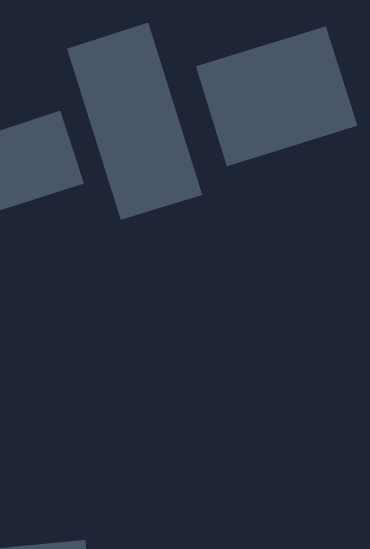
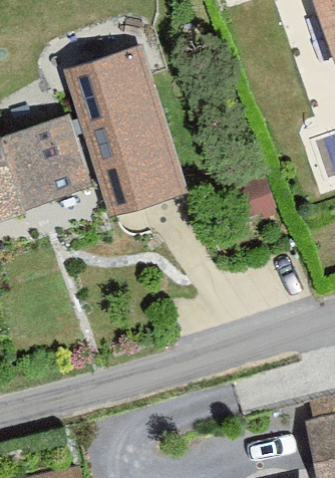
building: [195,25,358,167] -> none

